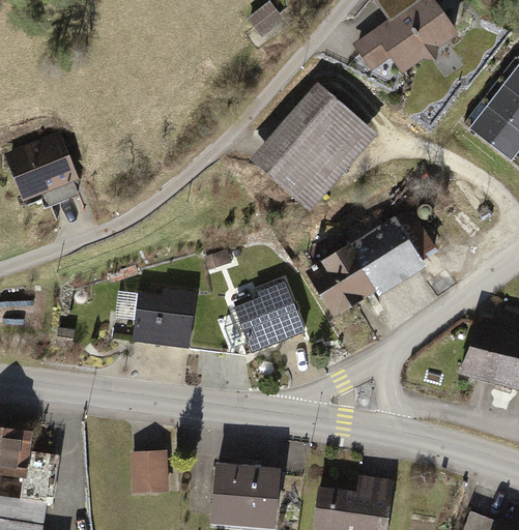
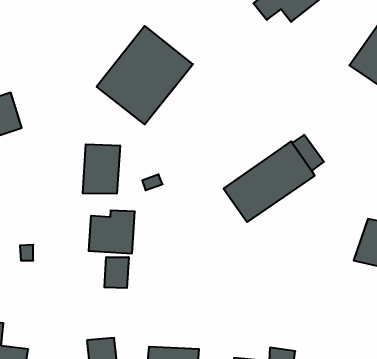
building: [256,86,377,208] -> [97,26,193,124]
building: none -> [83,144,120,194]
building: [238,283,305,351] -> none
building: none -> [104,257,129,288]

